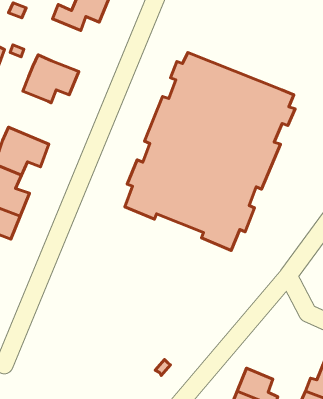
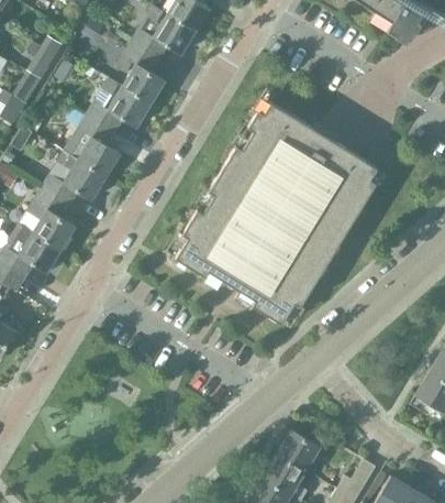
building: none -> [115,43,164,105]
building: none -> [64,116,119,177]
building: none -> [277,430,318,471]

